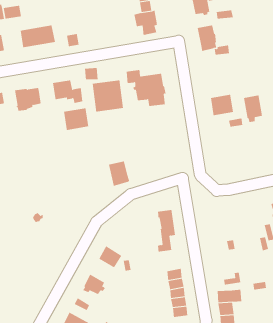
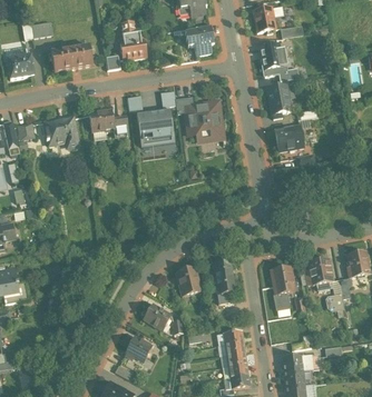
building: none -> [120,20,147,59]
building: [243,95,263,122] -> [267,85,291,117]
building: [64,108,89,131] -> none
building: [108,161,130,186] -> [176,266,202,296]
building: none -> [305,257,333,290]
building: none -> [271,265,295,309]

